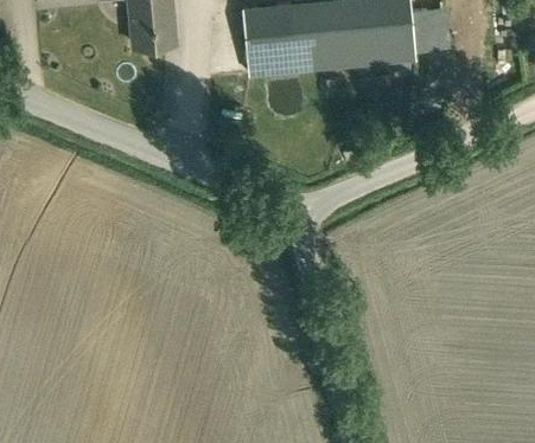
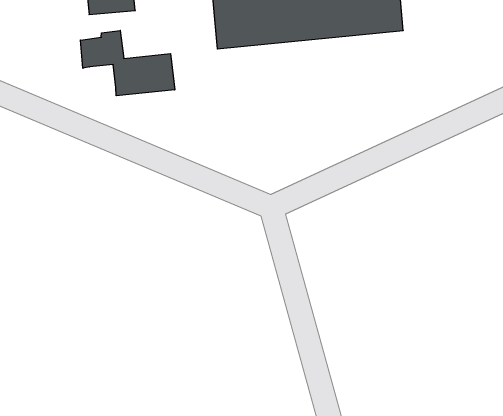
building: none -> [80,30,175,96]

